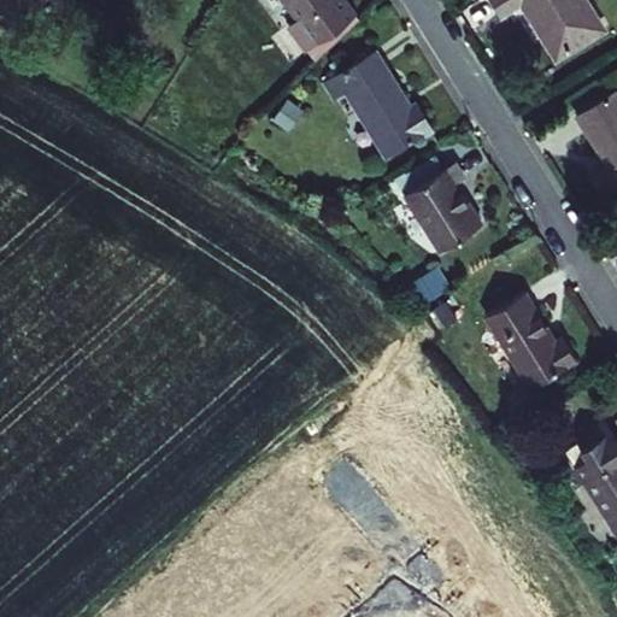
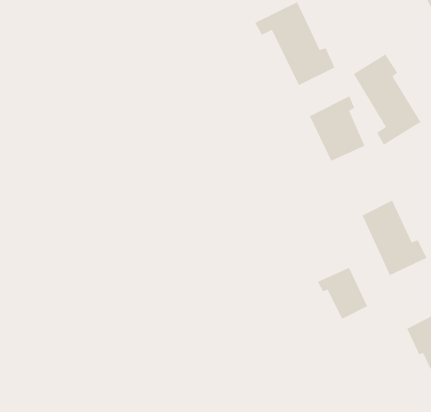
building: none -> [353,54,422,146]
building: none -> [317,267,368,320]

